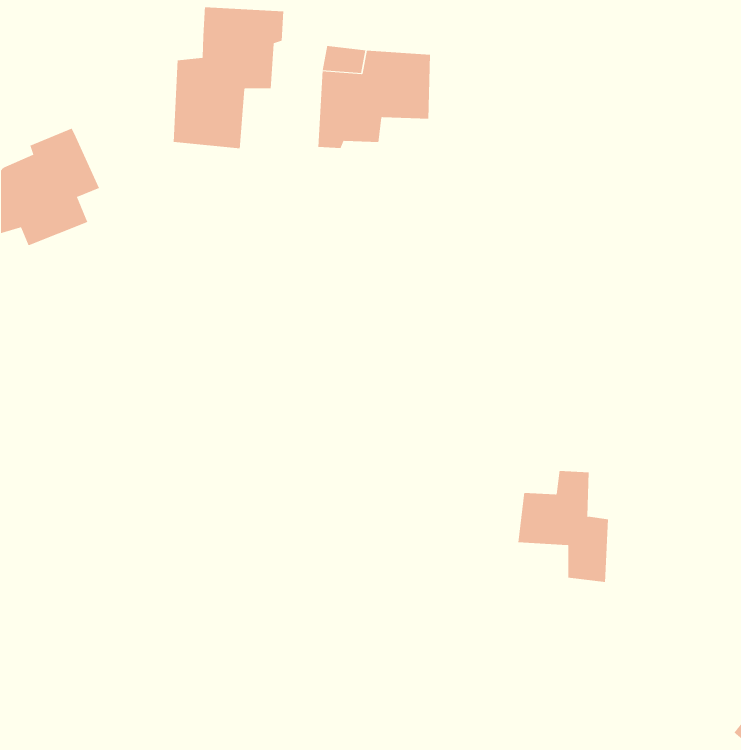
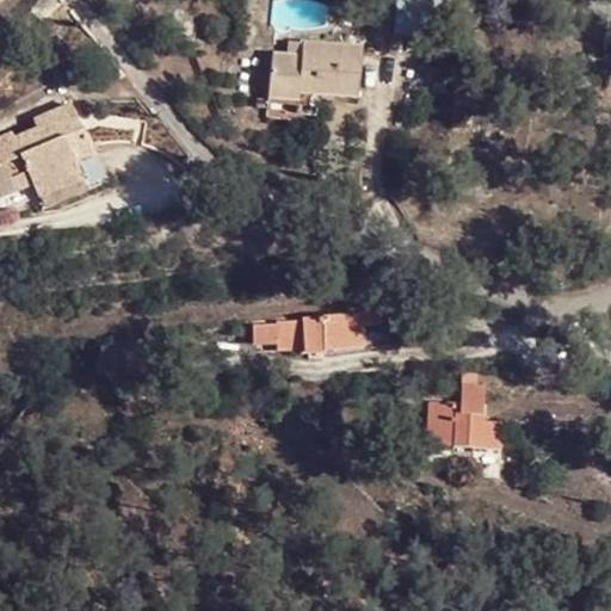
building: [173,6,284,149] -> none
building: none -> [257,309,381,348]

